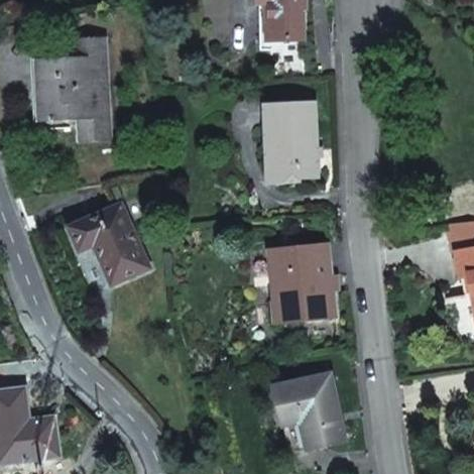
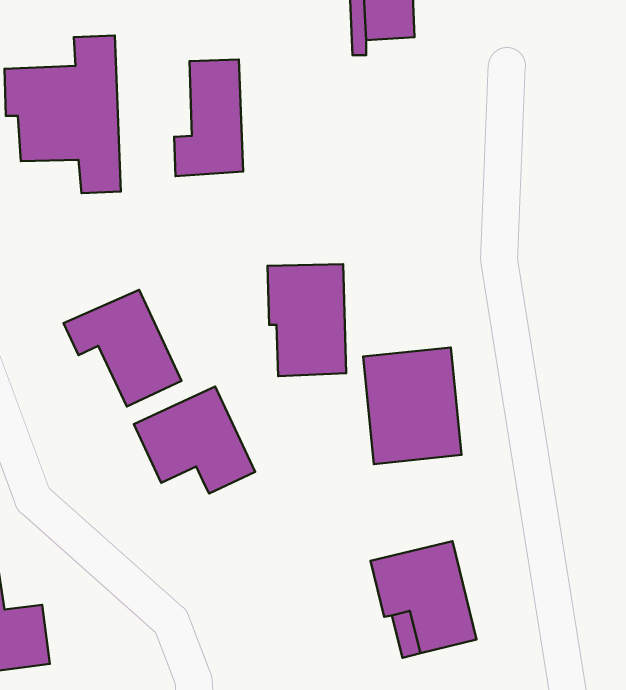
building: none -> [174,59,243,176]
building: [266,102,319,176] -> [268,264,346,376]
building: none -> [134,386,255,493]

